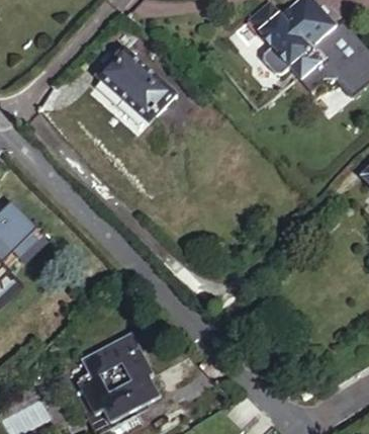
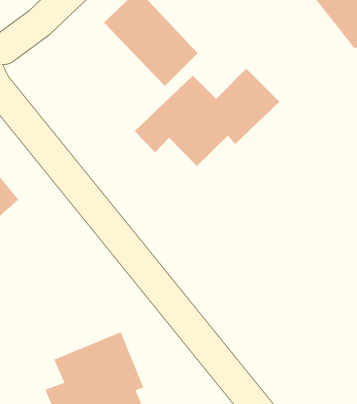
building: none -> [134,68,280,167]

